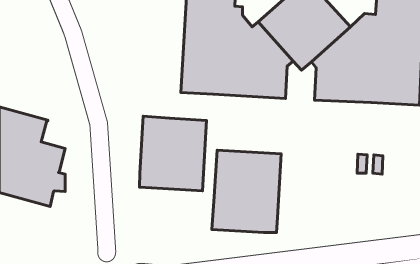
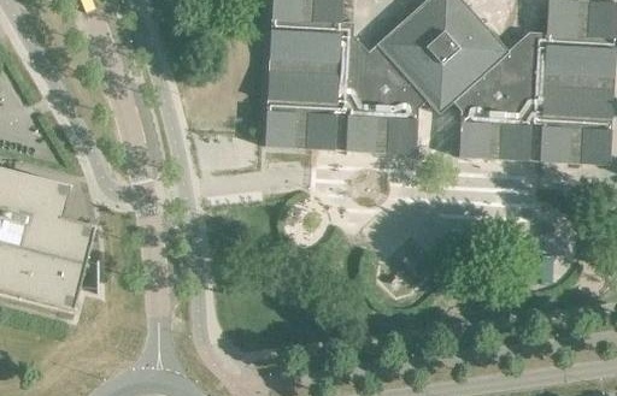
building: [139,116,207,191] -> none
building: [212,150,281,233] -> none

